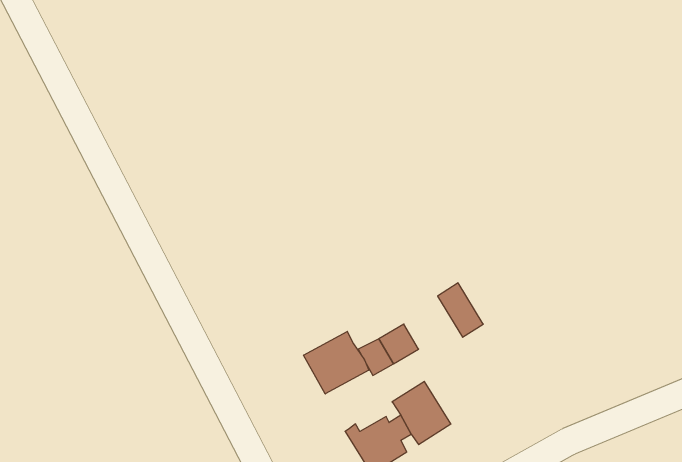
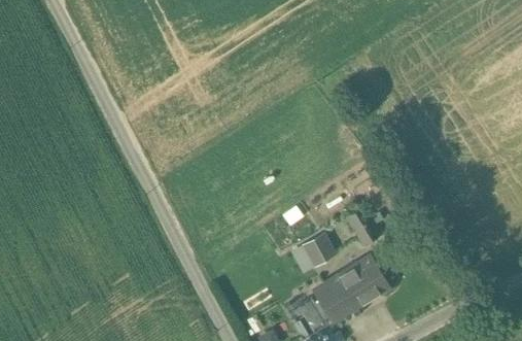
building: [304,331,369,394] -> none
building: none -> [339,255,390,306]

